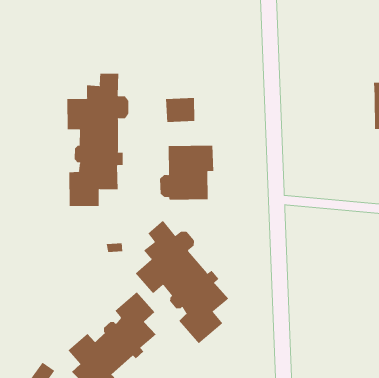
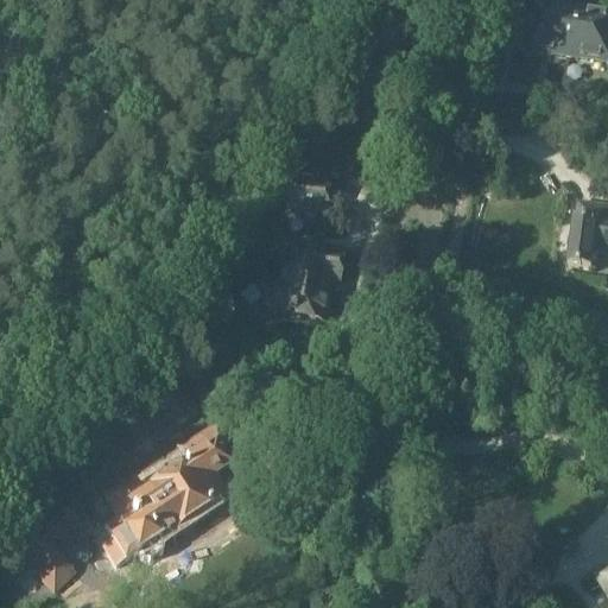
building: [67,73,129,207] -> none
building: [135,220,229,344] -> none

